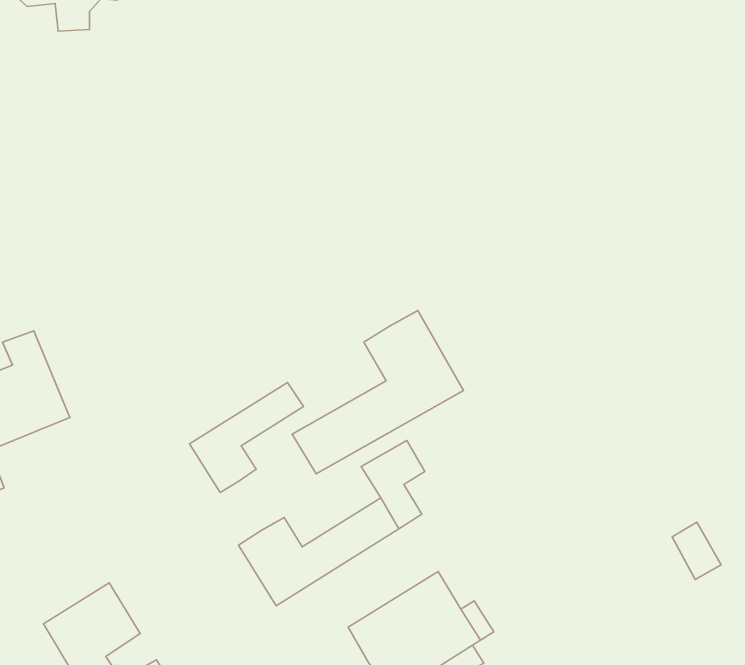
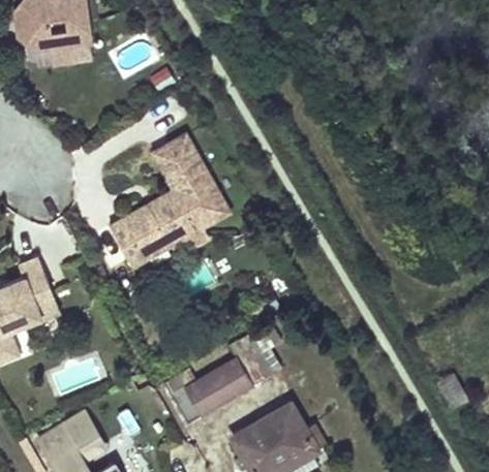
building: none -> [110,125,227,260]
building: [292,310,464,474] -> none
building: [190,383,304,492] -> none

